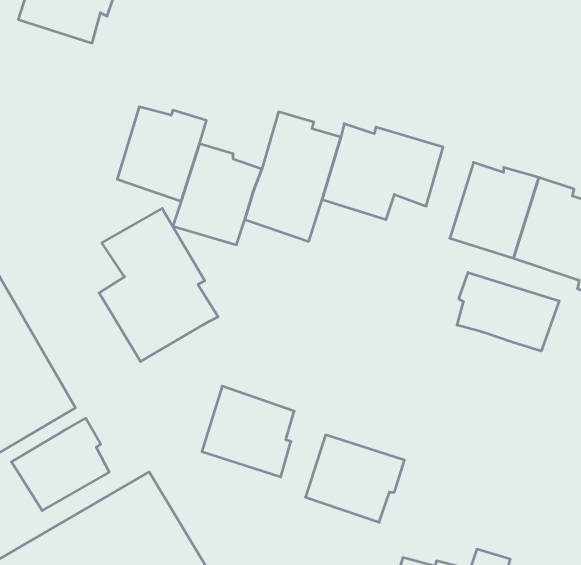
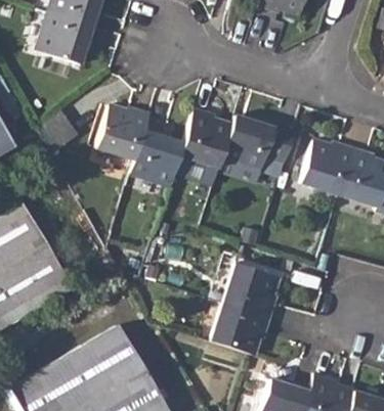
building: [99,208,218,362] -> none
building: [457,272,559,351] -> none
building: [202,386,294,477] -> [223,263,280,318]
building: [11,418,109,511] -> none

